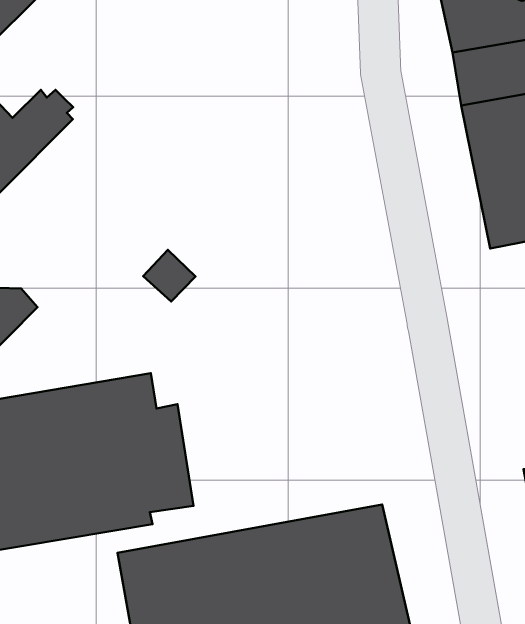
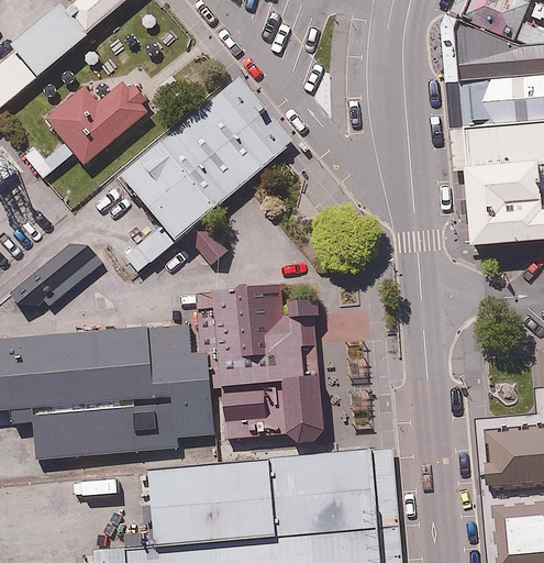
building: none -> [121,84,285,273]
building: none -> [195,280,325,442]

